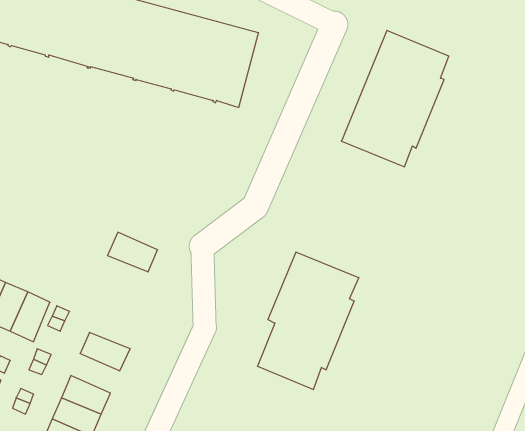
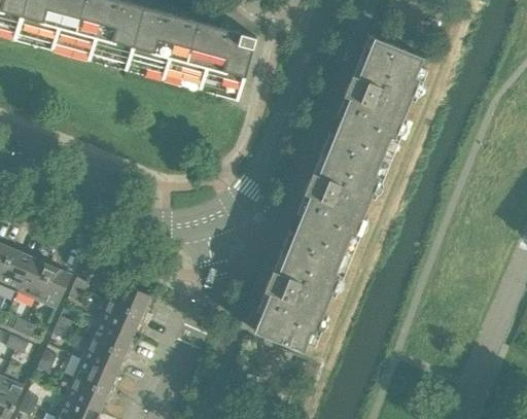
building: none -> [289,133,385,253]
building: [107,232,158,272] -> [107,281,151,316]
building: none -> [91,320,134,355]

